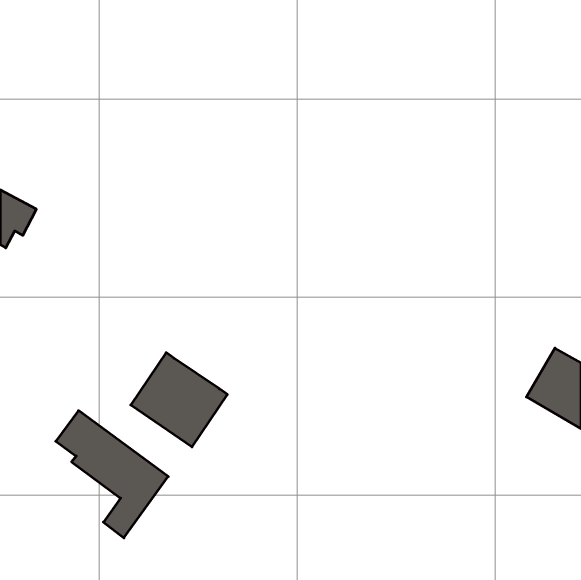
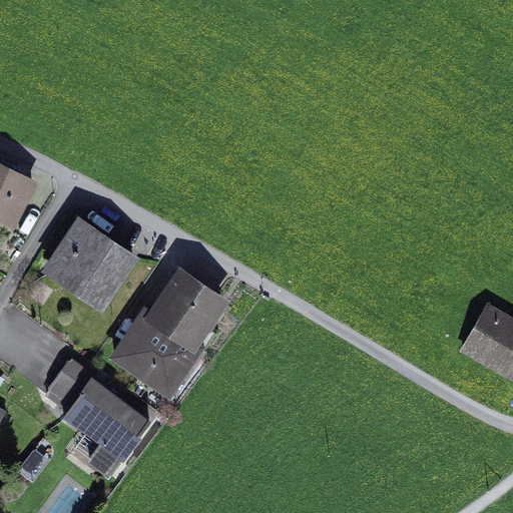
building: none -> [50,220,134,305]
building: none -> [153,276,221,344]

